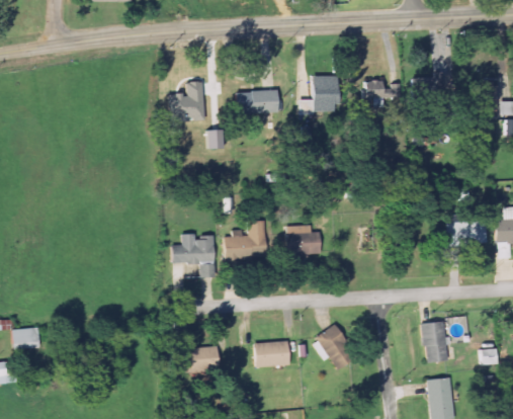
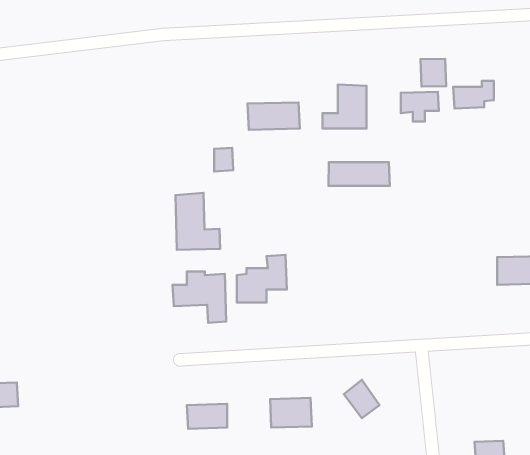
building: none -> [421,59,446,87]
building: [169,81,204,120] -> none
building: none -> [328,162,390,186]
building: none -> [176,193,220,250]
building: [287,225,322,255] -> none
building: [422,321,450,362] -> none

